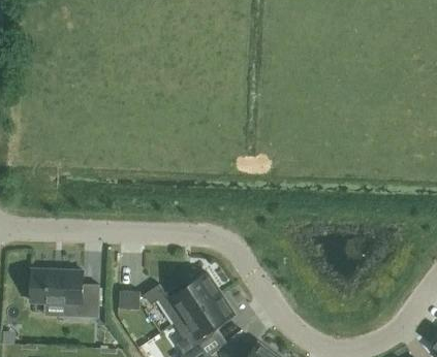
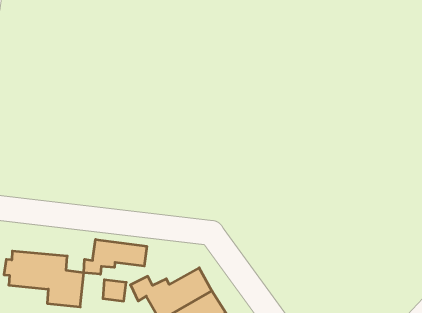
building: none -> [84,239,147,274]

